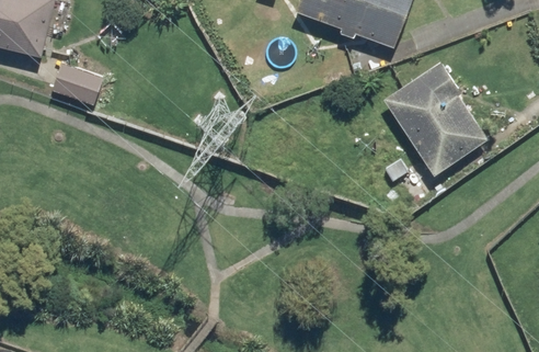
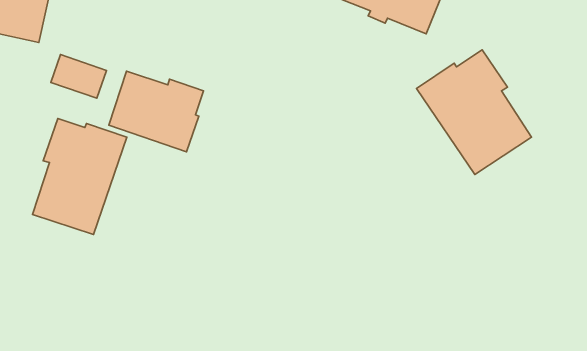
building: none -> [109,71,204,152]
building: none -> [33,118,127,235]

